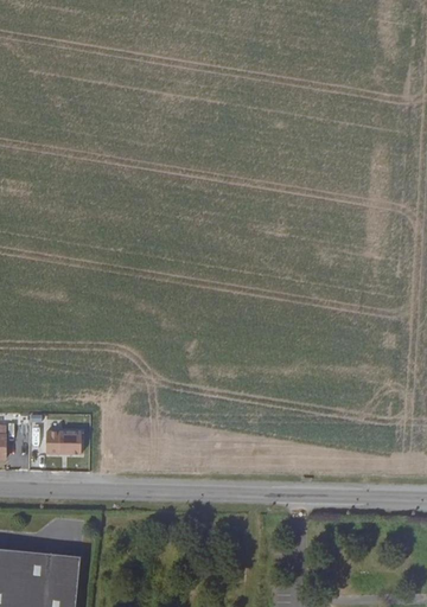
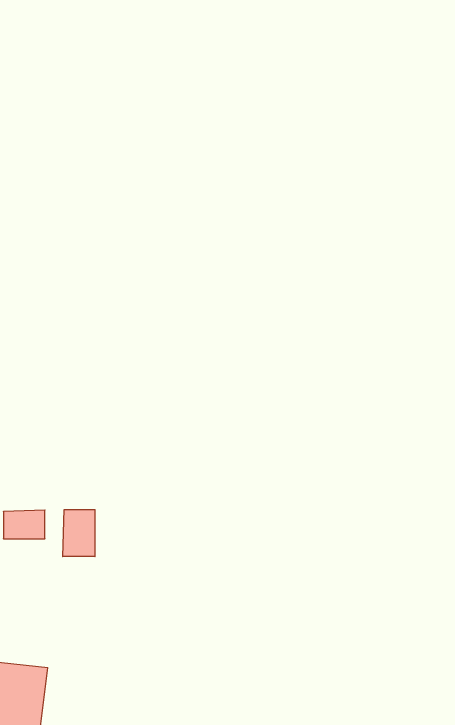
building: none -> [63,510,95,557]

